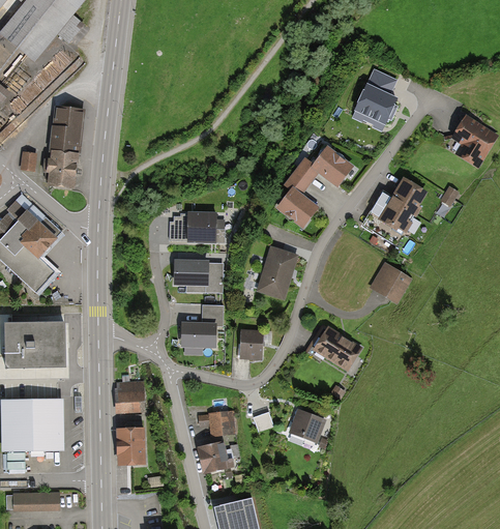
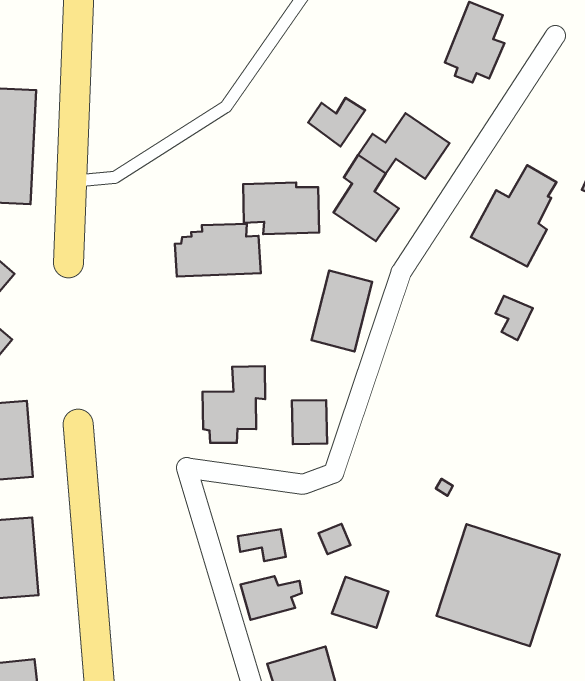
building: none -> [308,98,365,147]
building: [172,258,223,293] -> [243,182,319,234]
building: [311,327,361,373] -> none
building: [113,381,144,413] -> none
building: [287,408,325,443] -> [332,577,388,628]
building: none -> [436,524,560,646]
building: [115,425,145,466] -> none

